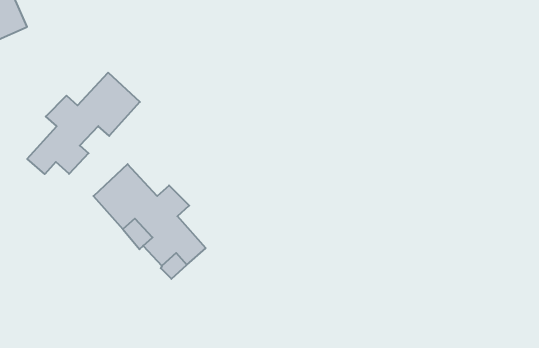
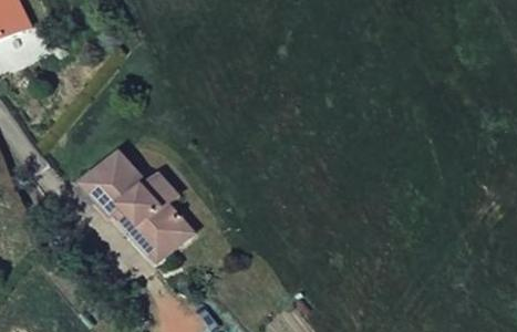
building: [27,73,140,174] -> none

